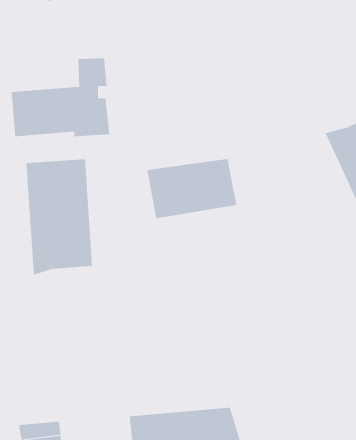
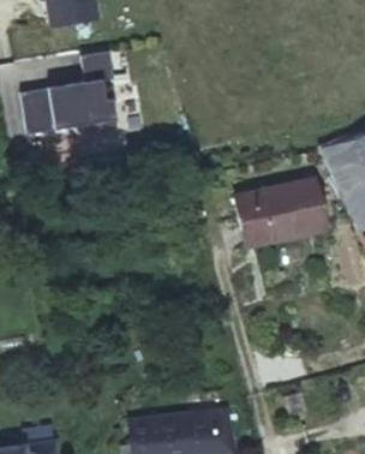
building: [26,158,93,276] -> none
building: [147,159,237,219] -> [240,187,327,245]

